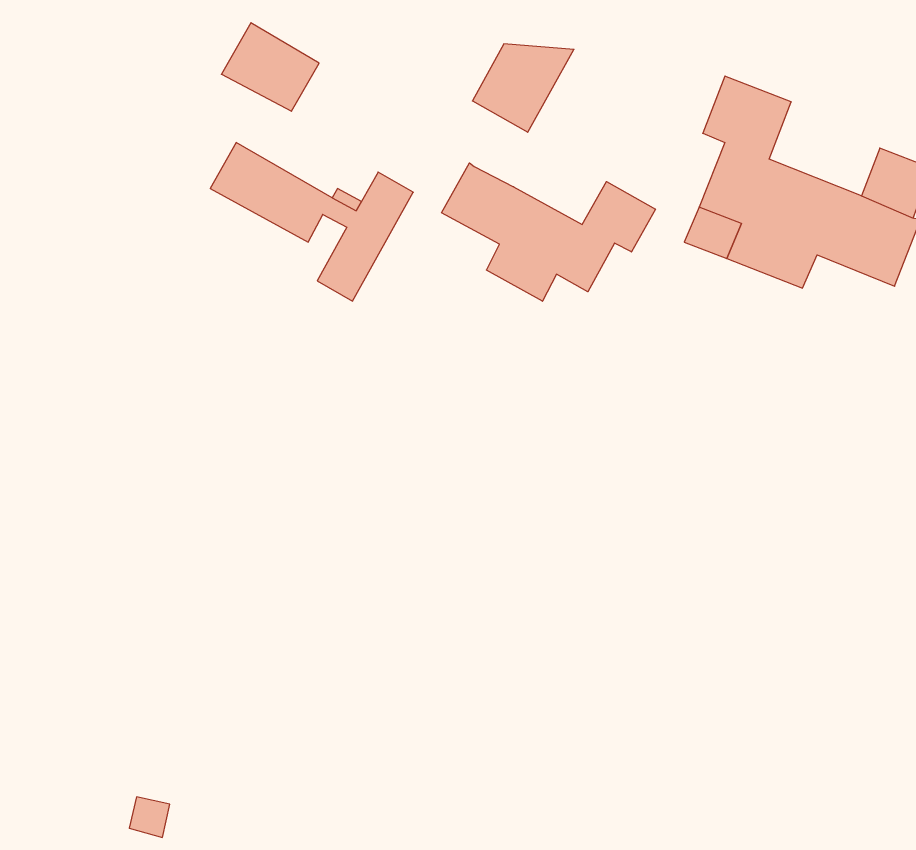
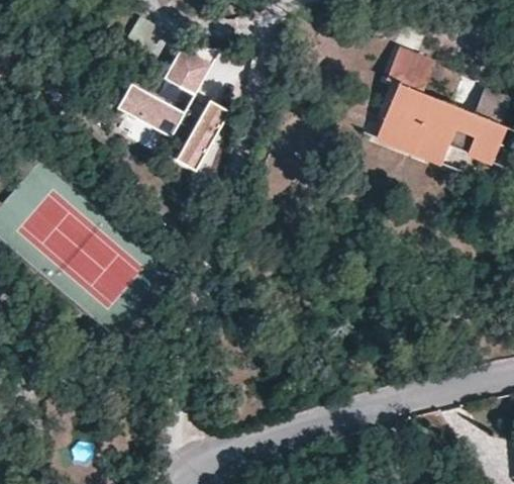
building: [472,44,574,132] -> [164,49,219,97]
building: [442,163,655,301] -> none

